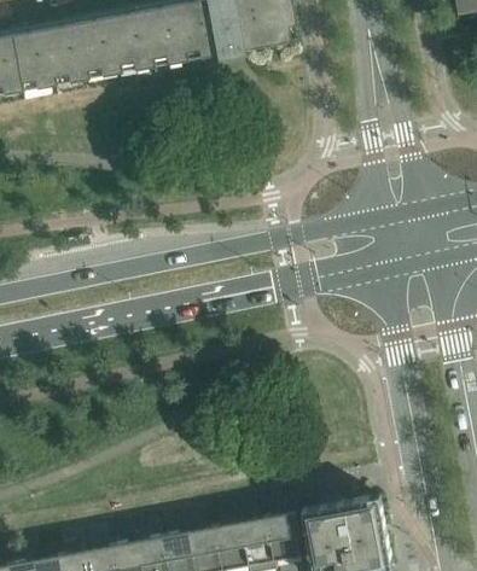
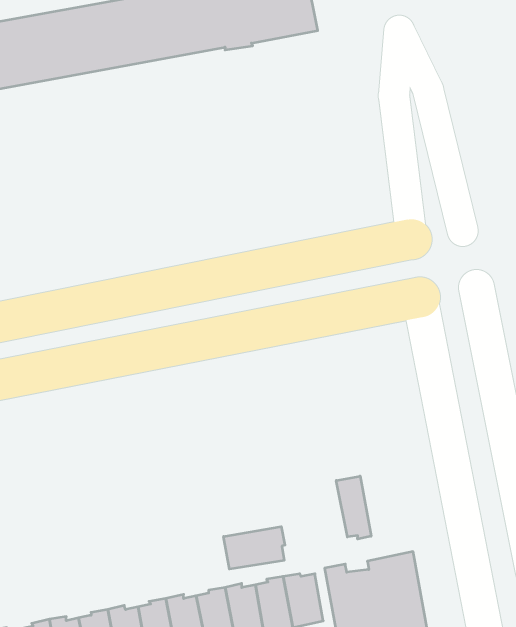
building: none -> [336,476,371,539]
building: none -> [224,527,285,569]

